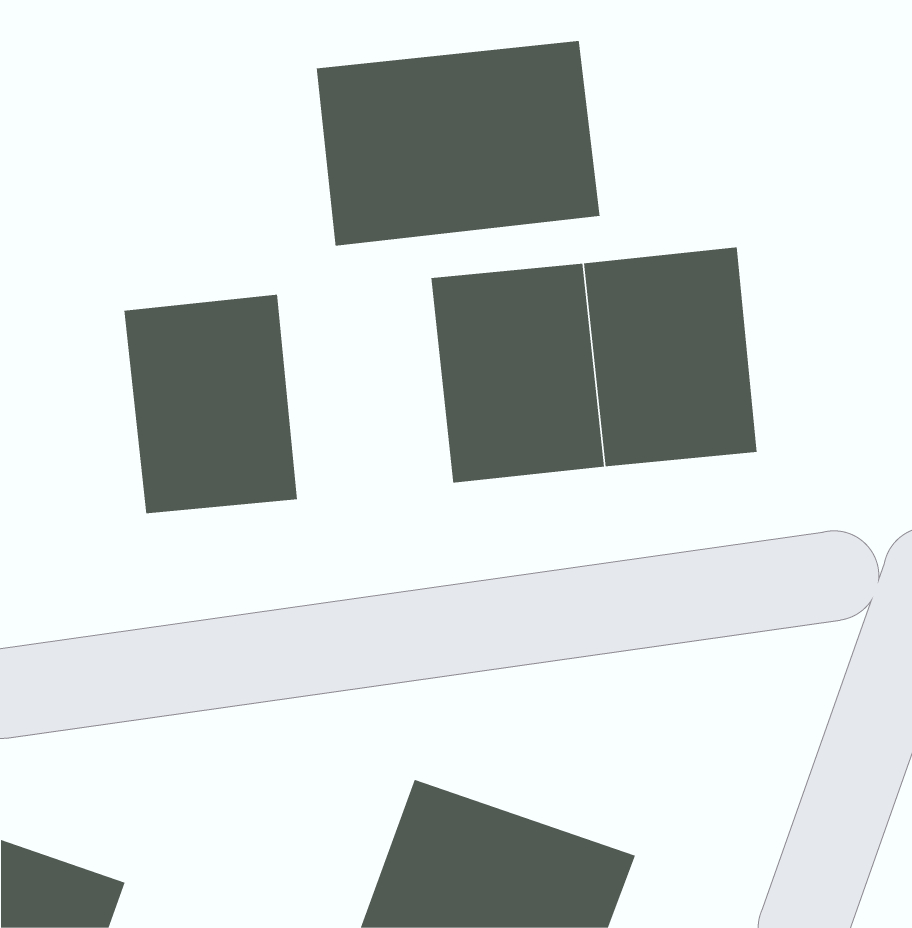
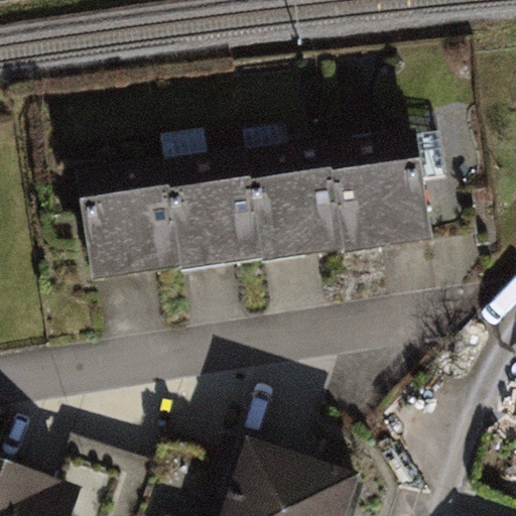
building: [316,40,600,247] -> none
building: none -> [163,154,260,277]

